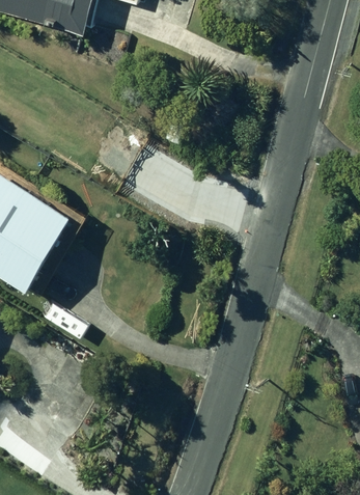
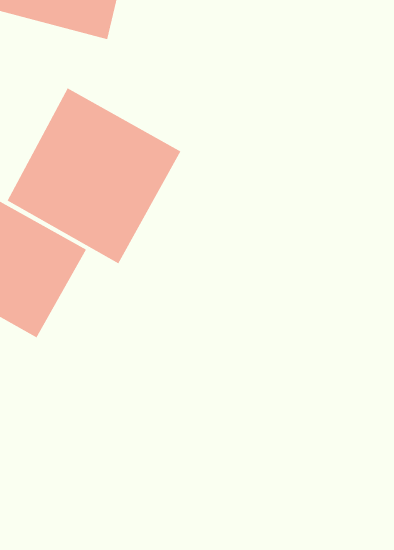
building: none -> [7,88,181,264]

